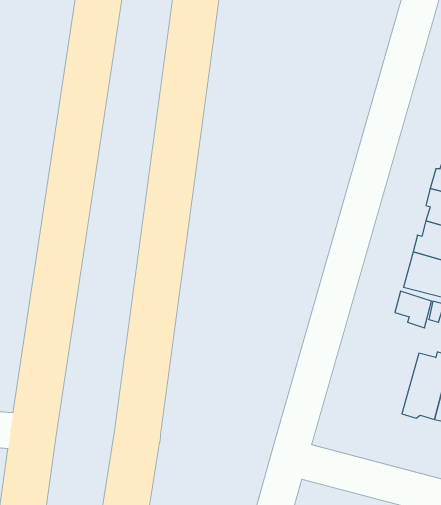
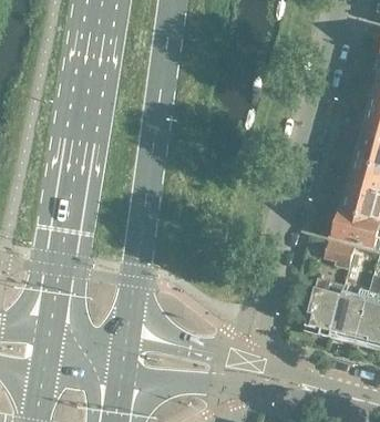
building: none -> [306,278,346,337]

